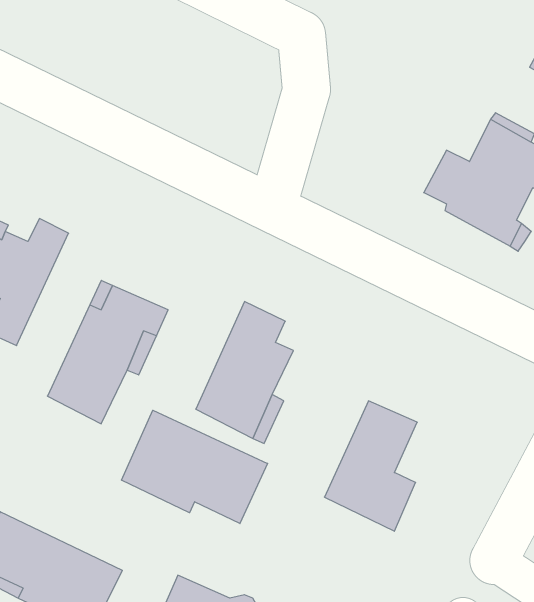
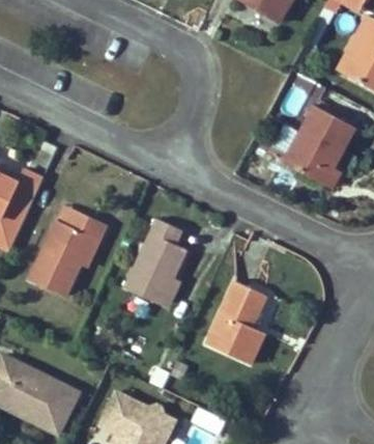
building: [122,410,268,524] -> none

